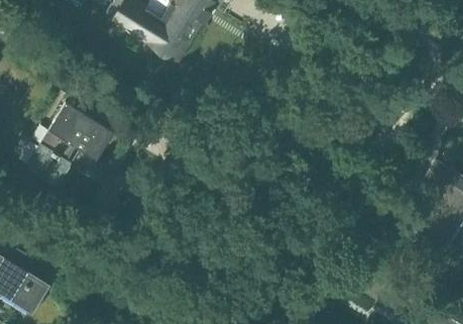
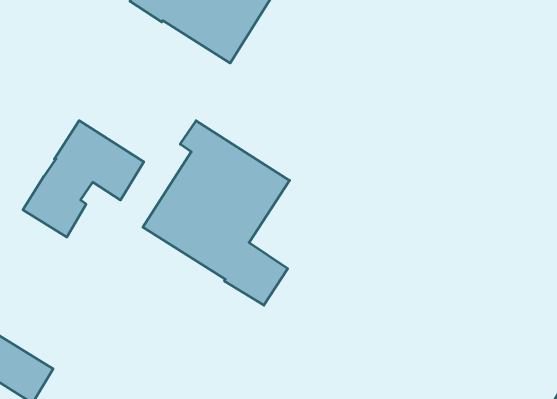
building: none -> [143,121,290,305]

